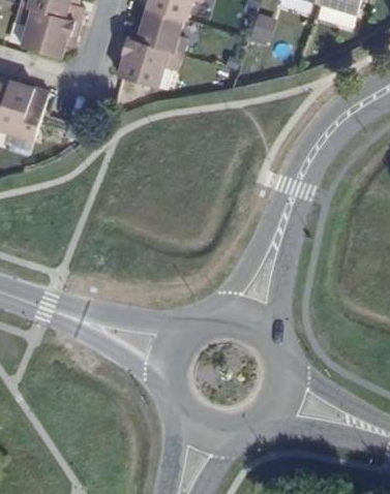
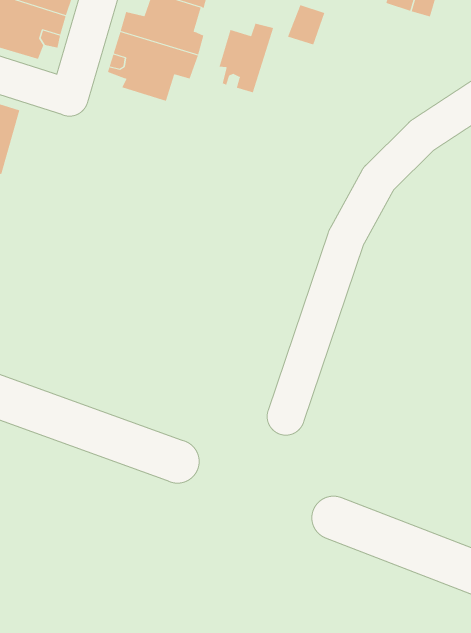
building: none -> [219,23,274,93]

